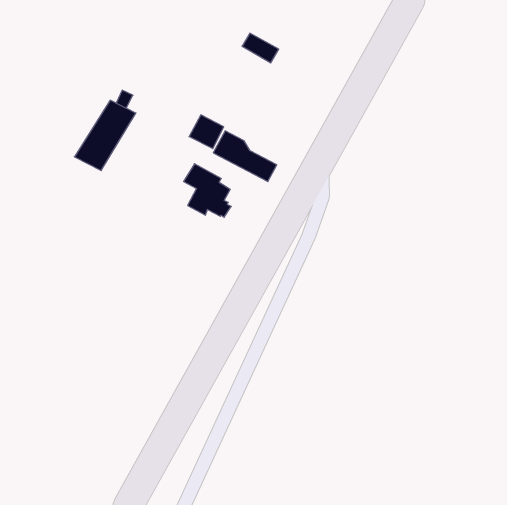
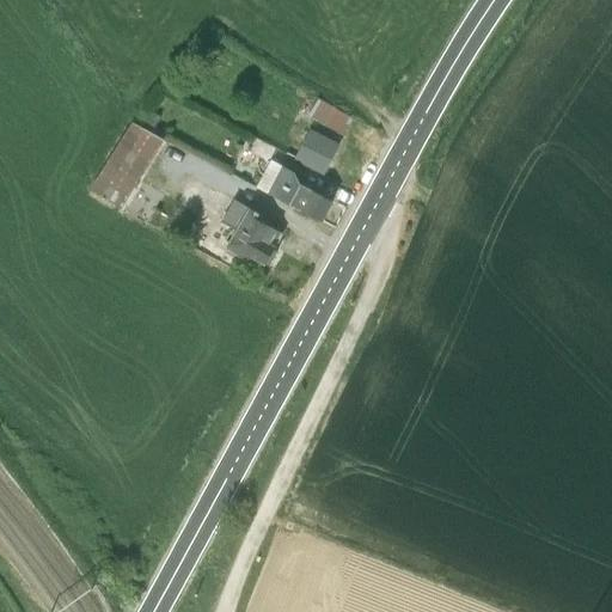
building: [242,33,279,63] -> [308,100,353,136]
building: [189,115,224,149] -> [295,131,337,172]

